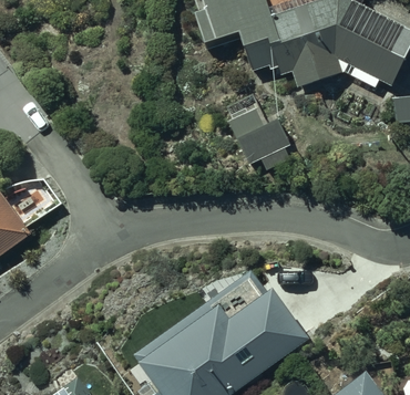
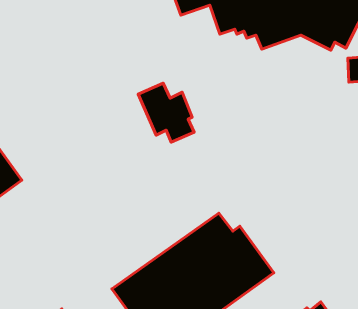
building: [229,107,291,173] -> [138,83,194,142]

